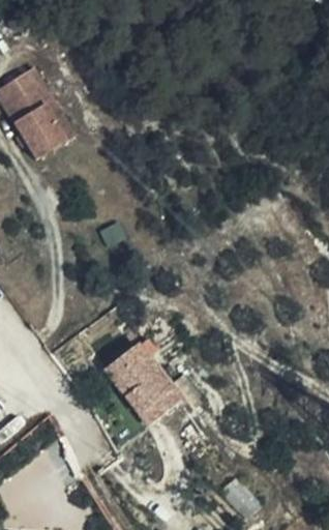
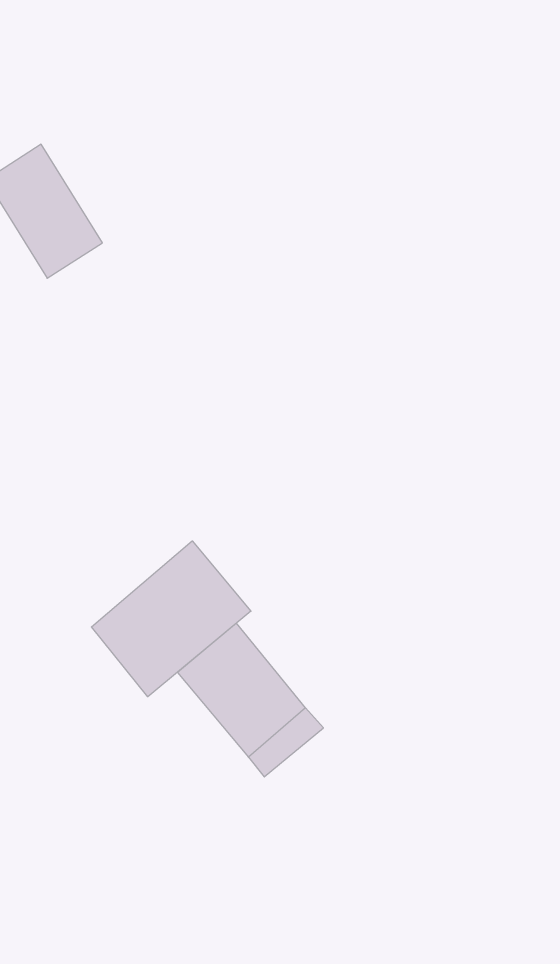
building: none -> [91,541,251,697]

